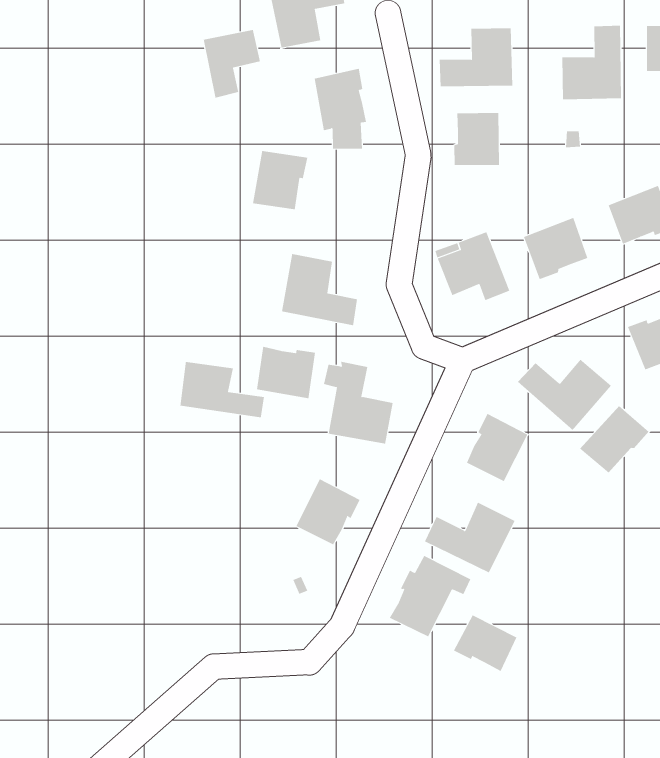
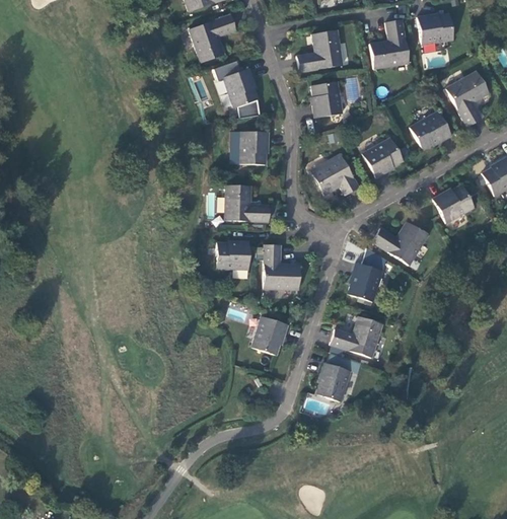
building: [203,29,260,98] -> none
building: [252,151,308,210] -> [239,132,269,164]
building: [180,361,264,418] -> none
building: [579,405,650,474] -> none
building: [453,614,517,672] -> none

